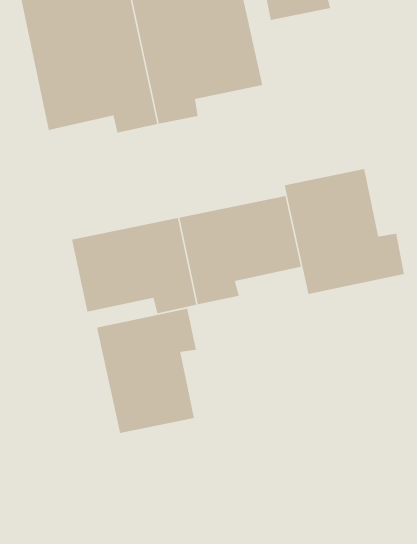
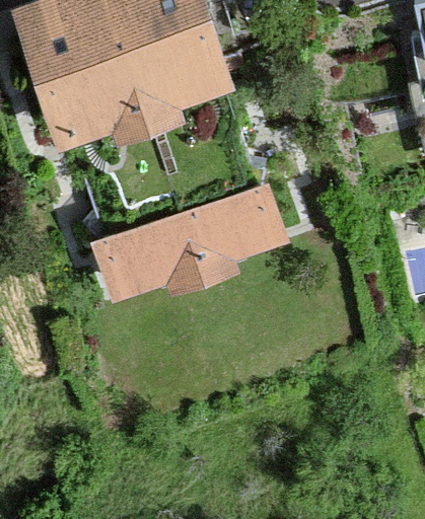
building: [284,168,405,295] -> none
building: [96,308,197,434] -> none

